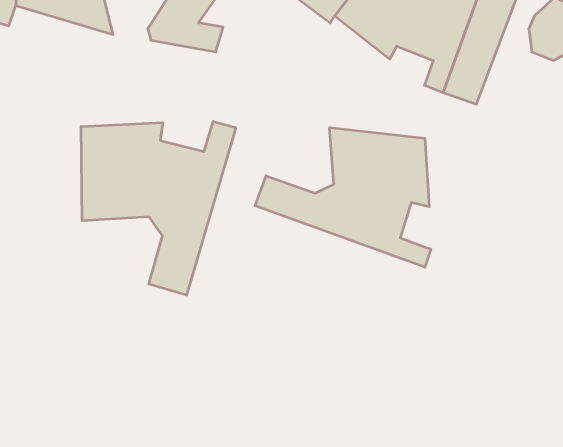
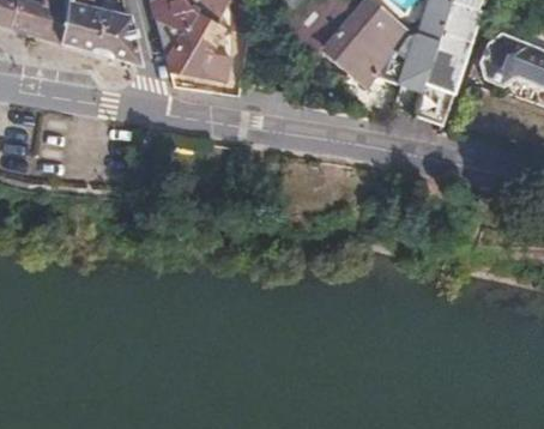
building: [81,121,236,295] -> none
building: [255,128,431,267] -> none

